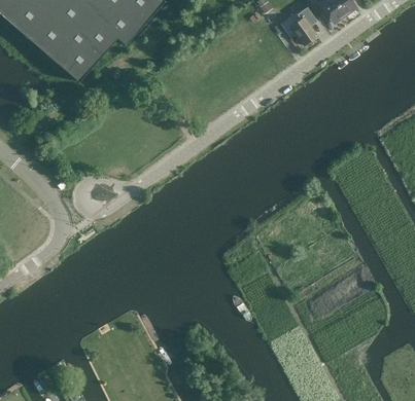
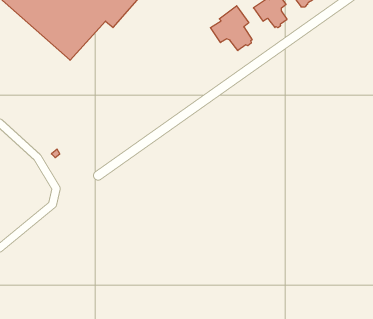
building: none -> [210,6,252,51]

